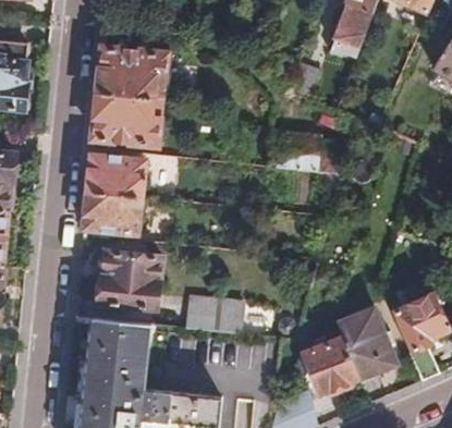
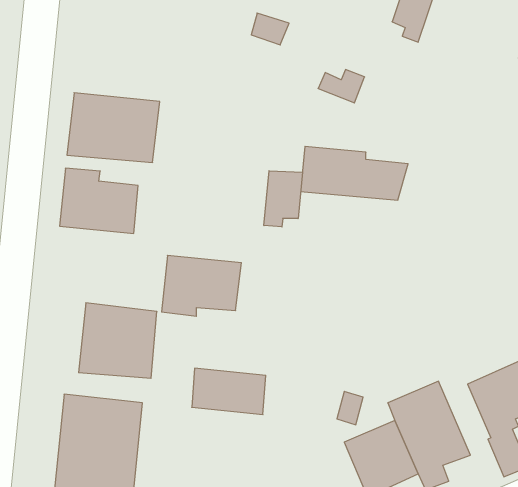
building: [99,46,168,98] -> none
building: none -> [264,171,302,227]
building: [84,192,144,237] -> [162,255,241,316]

